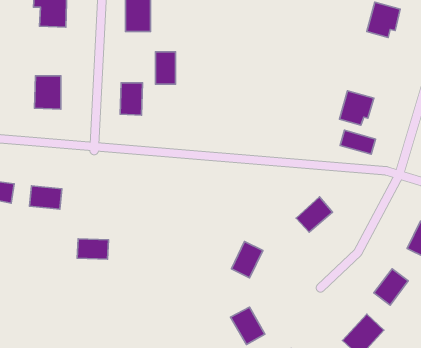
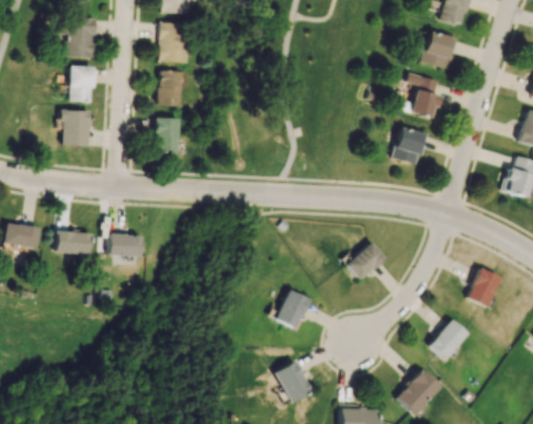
building: none -> [69,66,93,103]
building: none -> [408,73,440,118]
building: [155,52,176,84] -> [159,71,181,106]
building: [340,130,375,154] -> none
building: [77,239,109,259] -> [109,234,143,256]

